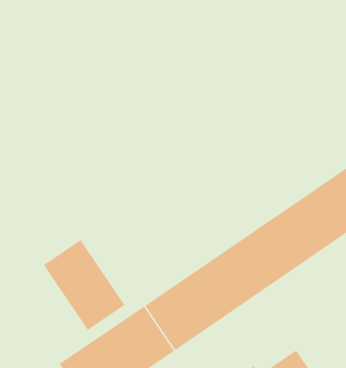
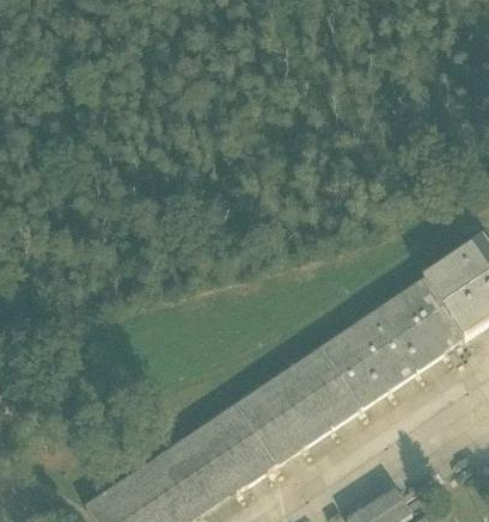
building: [43,239,125,331] -> none

